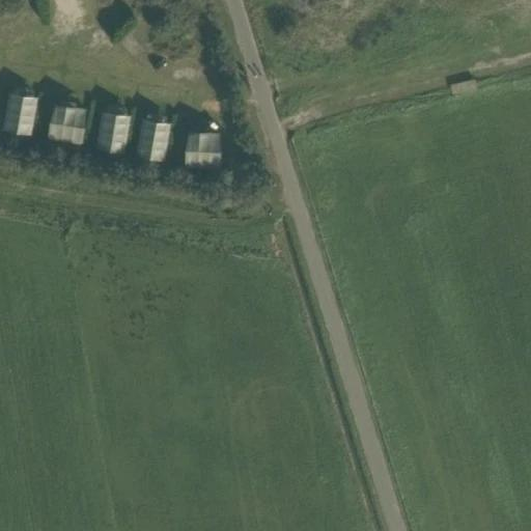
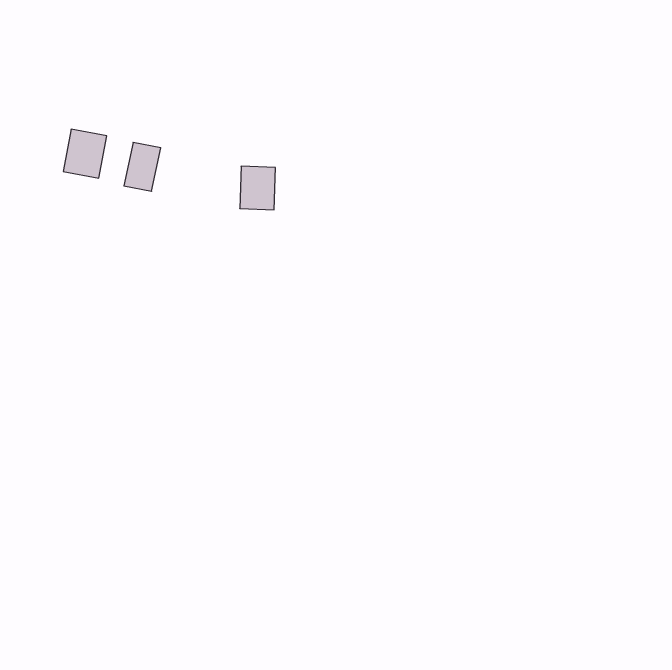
building: [6,95,35,135] -> none
building: [140,120,168,161] -> none

